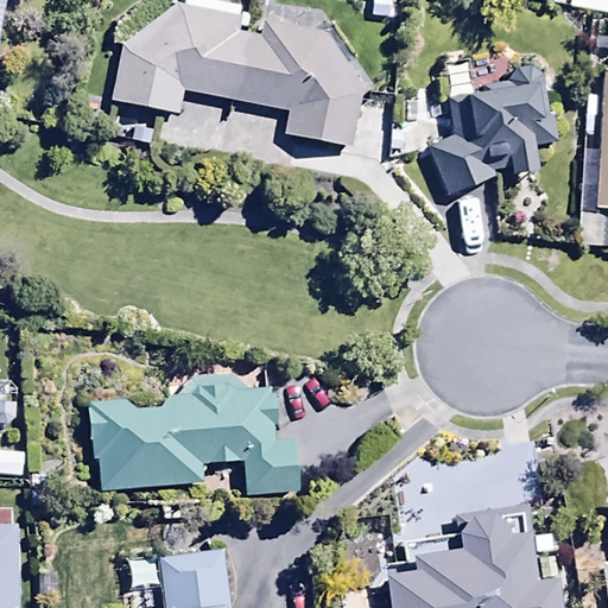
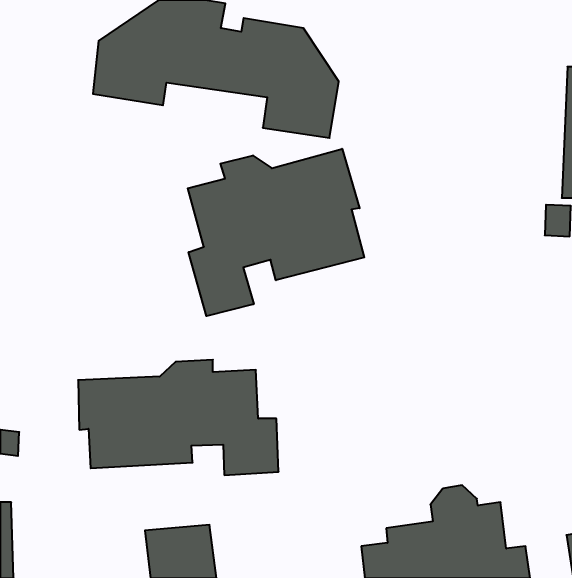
building: [428,80,560,198] -> none
building: none -> [188,149,364,316]

